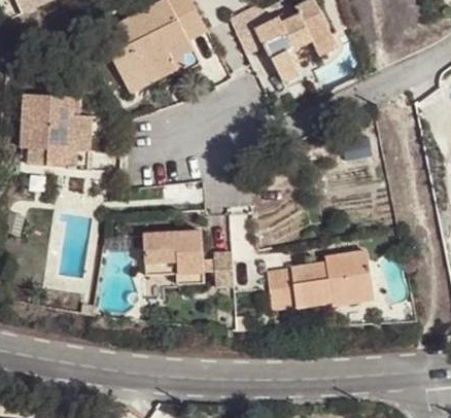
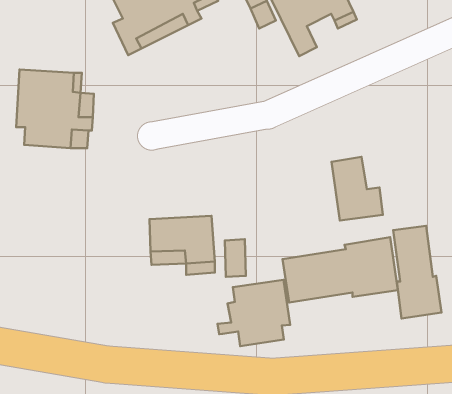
building: none -> [331,157,383,220]
building: none -> [393,226,442,318]
building: none -> [218,280,290,346]

